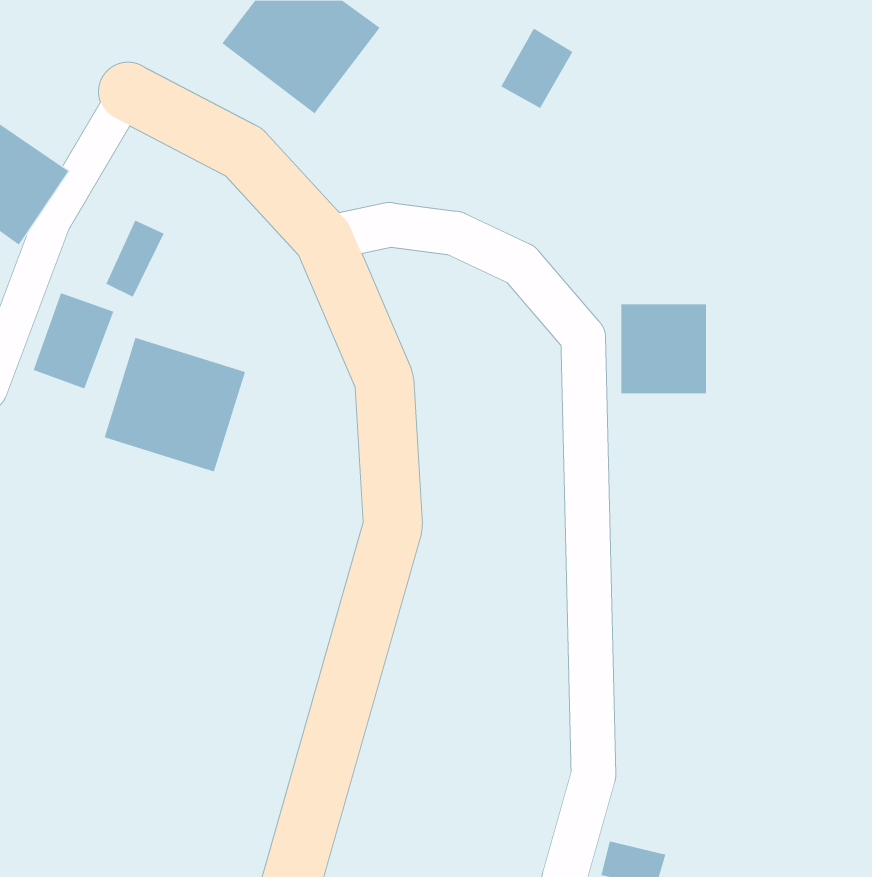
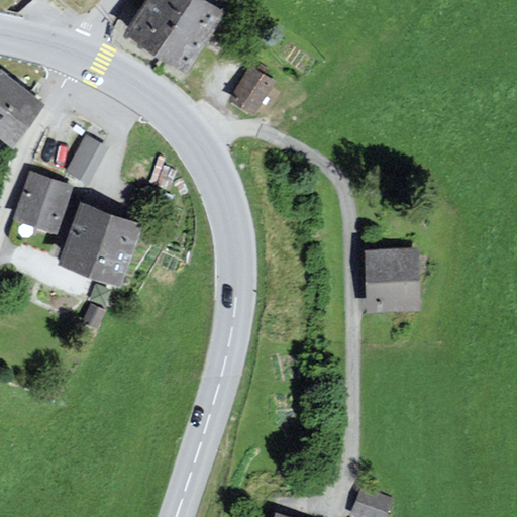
building: [501,28,573,109] -> [229,66,272,113]
building: [620,304,707,394] -> [367,253,417,306]

